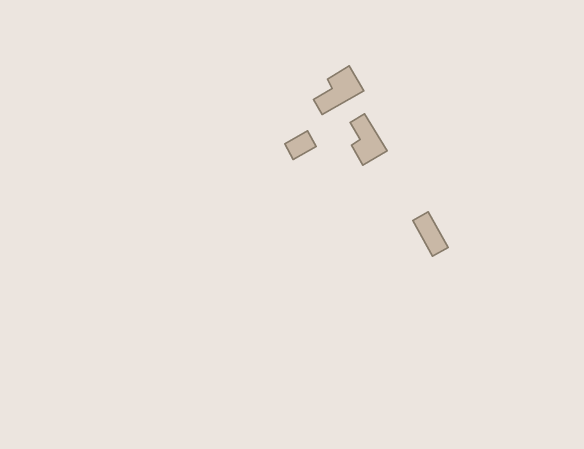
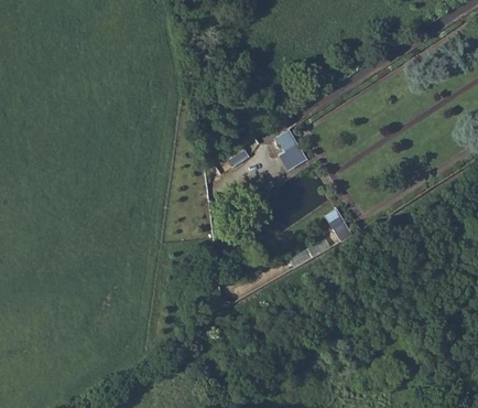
building: [314,66,364,114] -> none

